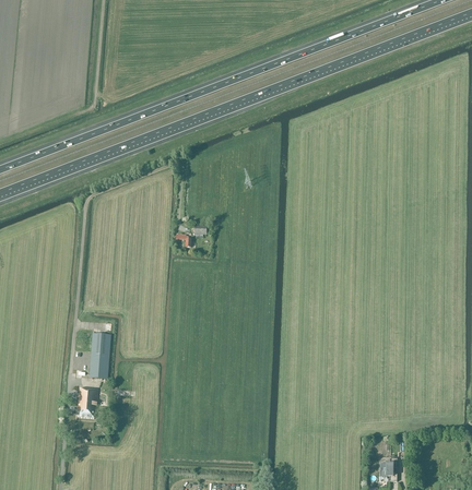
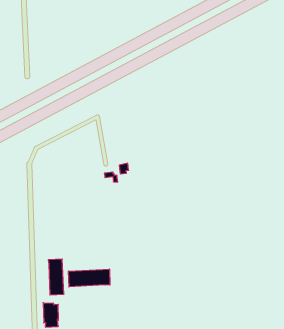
building: none -> [68,269,110,287]

